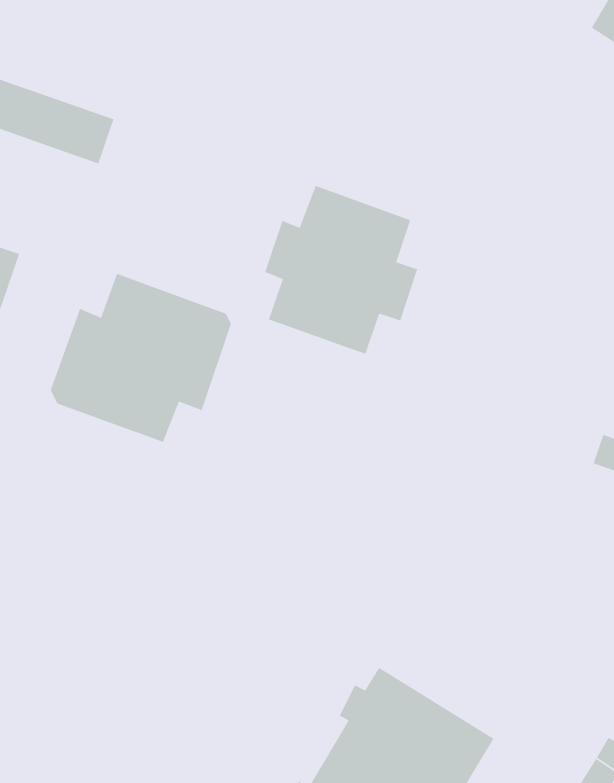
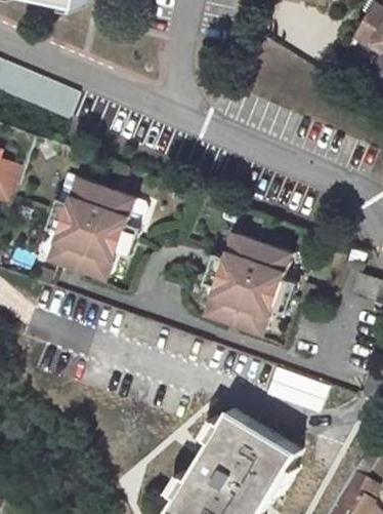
building: [264,185,418,355] -> [201,233,291,332]

